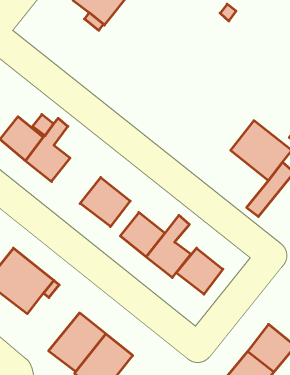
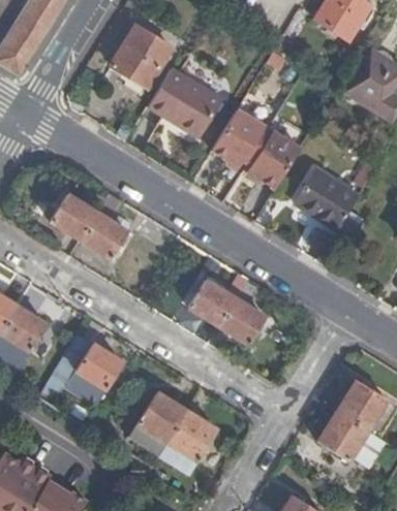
building: none -> [148,68,223,138]
building: none -> [212,109,300,189]
building: [80,177,130,227] -> none
building: [176,248,223,294] -> none

